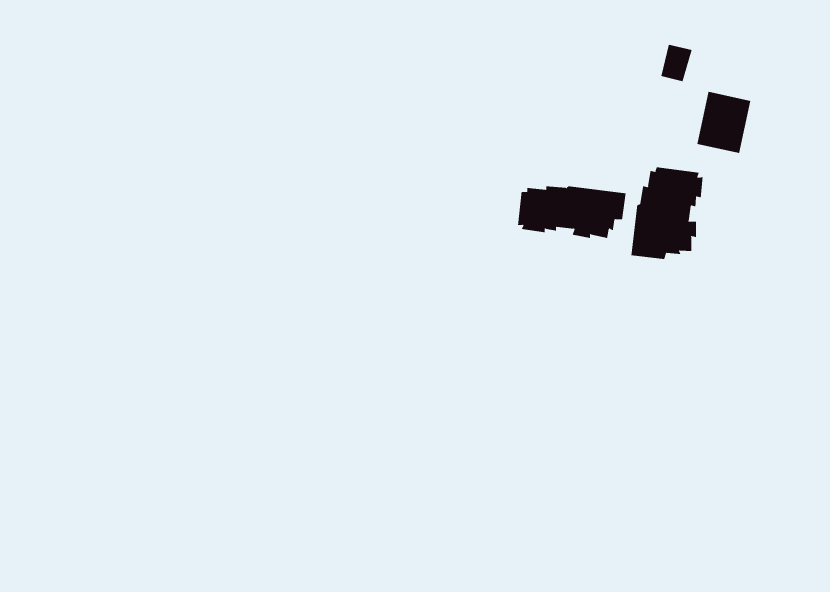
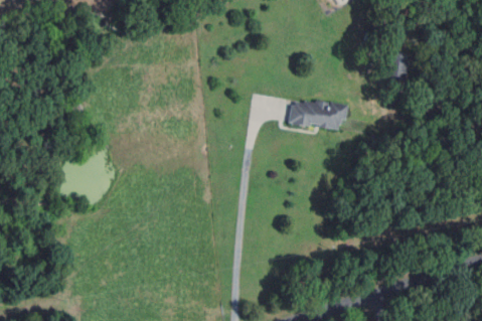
building: [631,167,703,260] -> none

